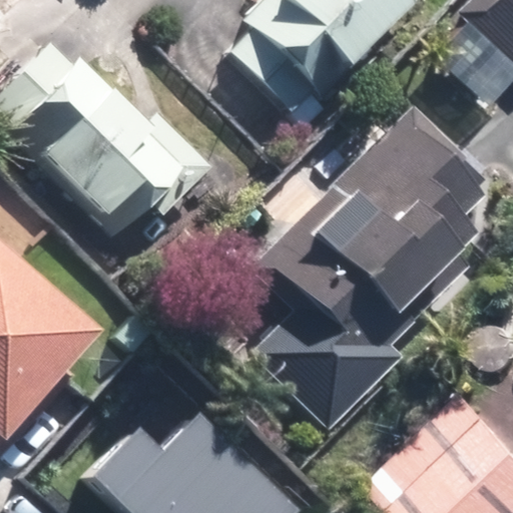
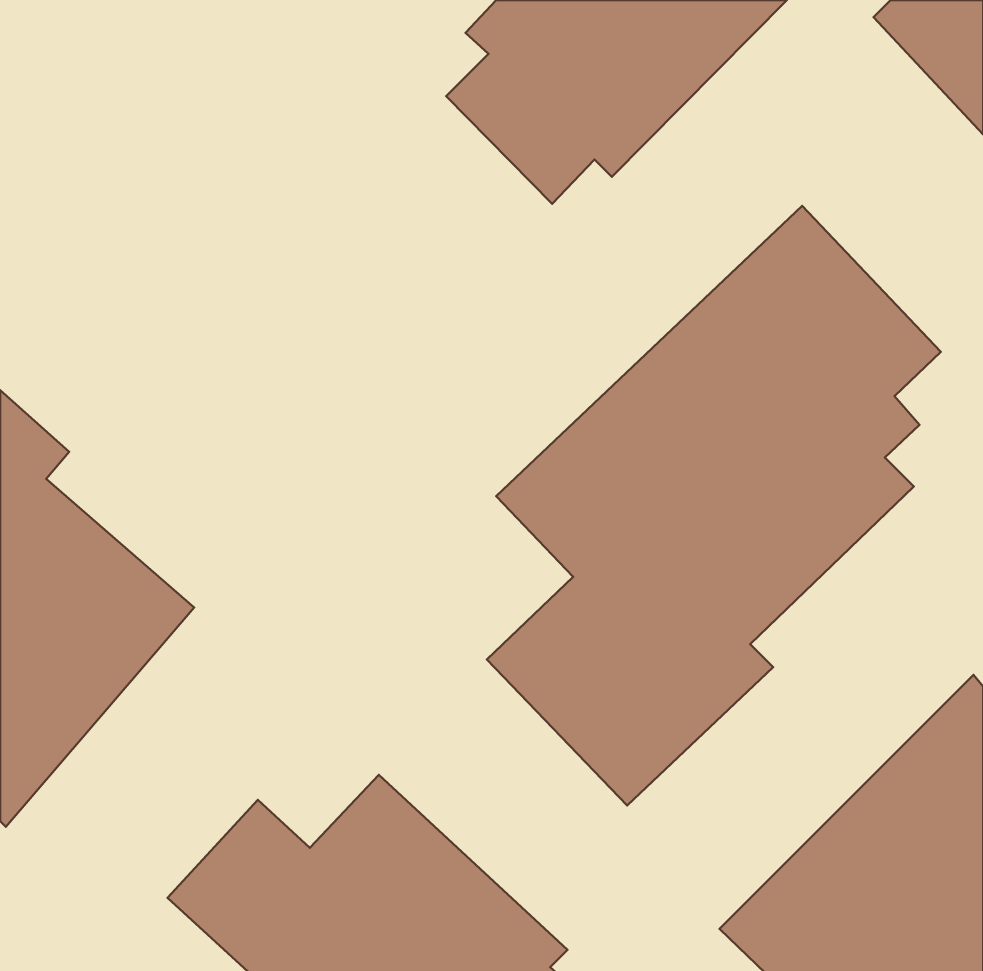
building: [37,65,208,218] -> none

